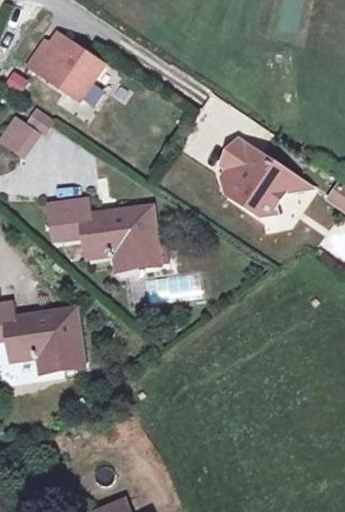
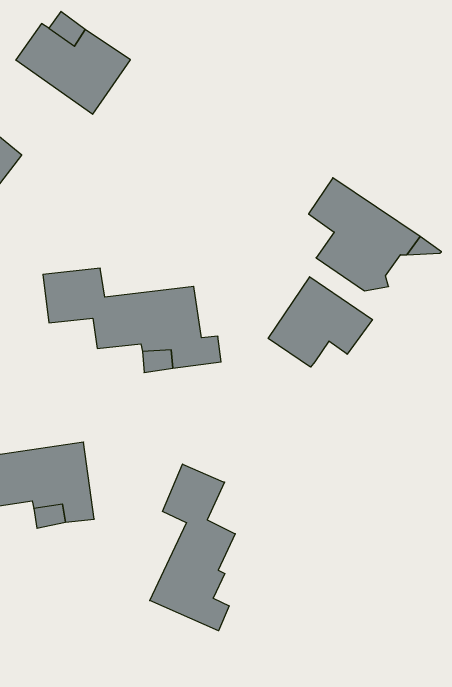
building: none -> [268,277,372,367]
building: none -> [150,464,235,631]

